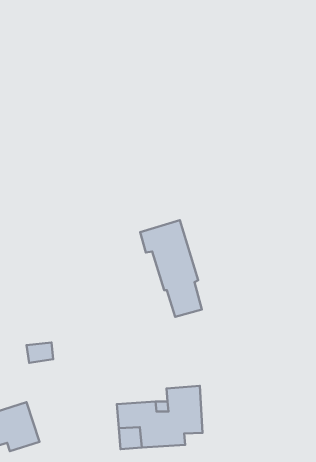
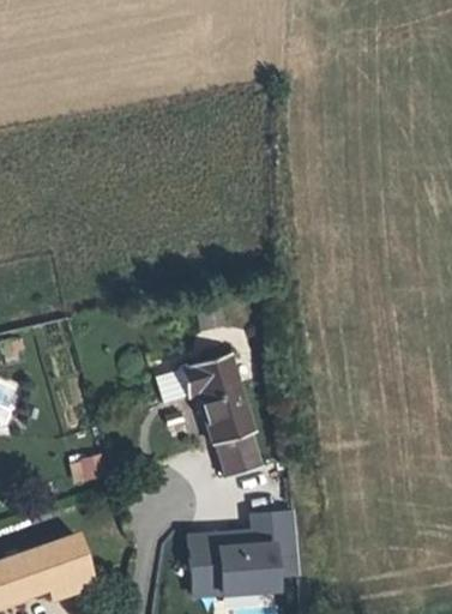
building: [140,220,202,317] -> [180,356,260,482]

